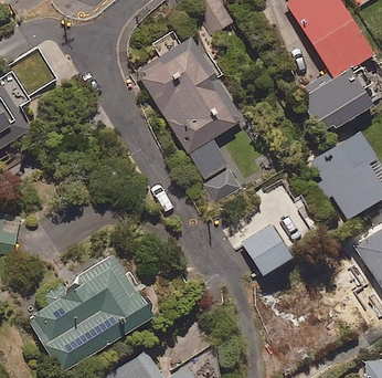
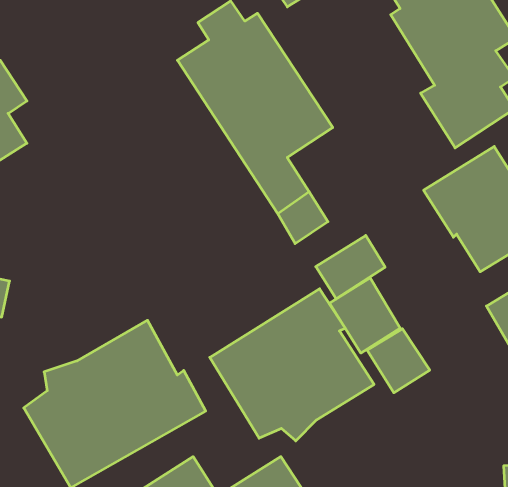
building: none -> [316,235,385,299]
building: none -> [210,289,374,441]
building: none -> [367,329,430,393]

